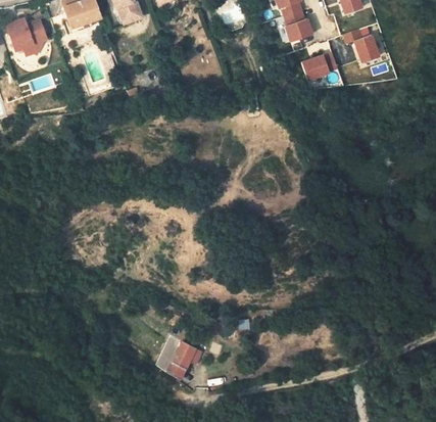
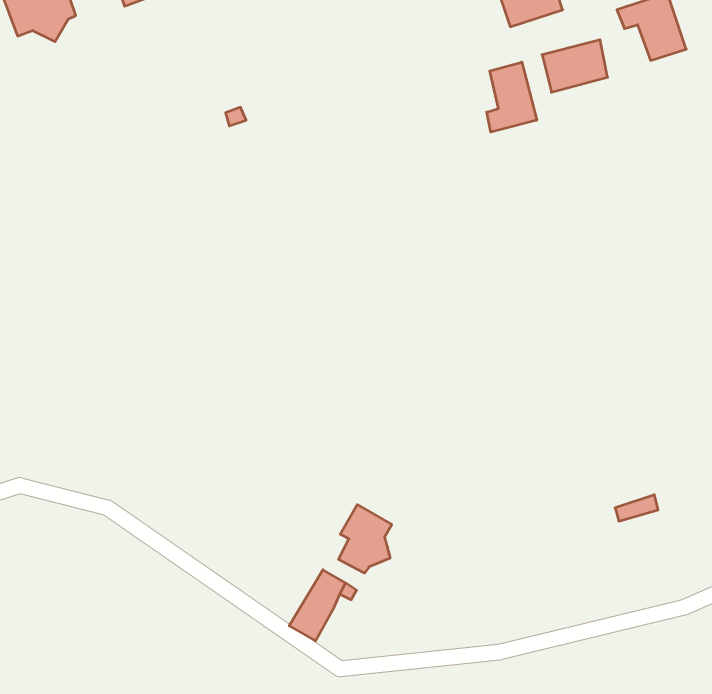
building: none -> [487,62,537,132]
building: none -> [339,505,392,573]

